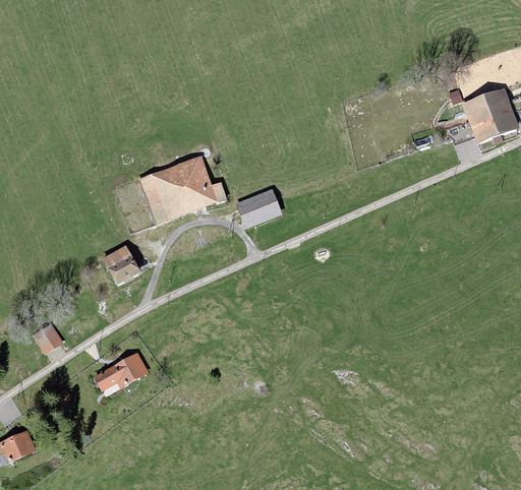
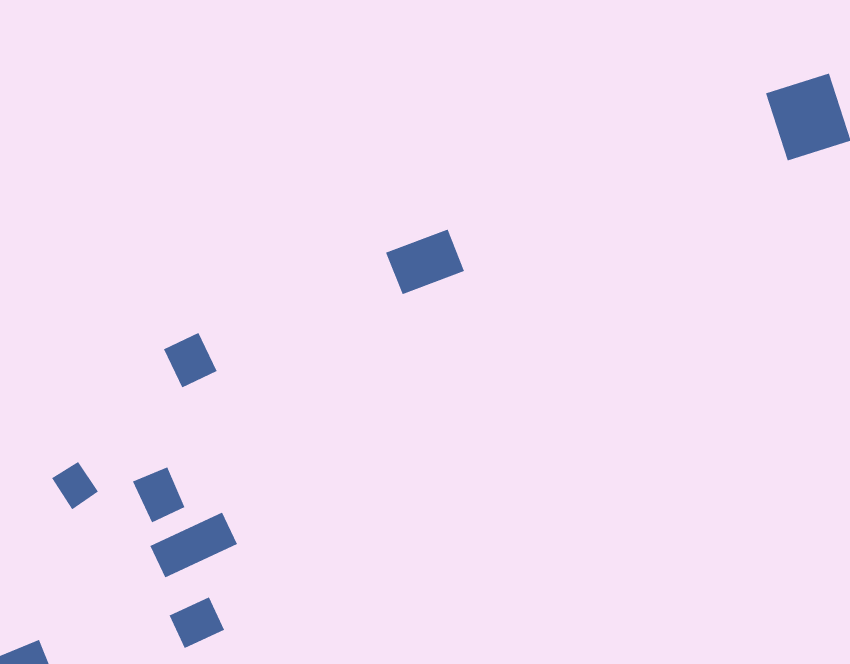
building: [139,152,228,221] -> none
building: none -> [132,467,185,523]
building: none -> [169,596,225,649]

